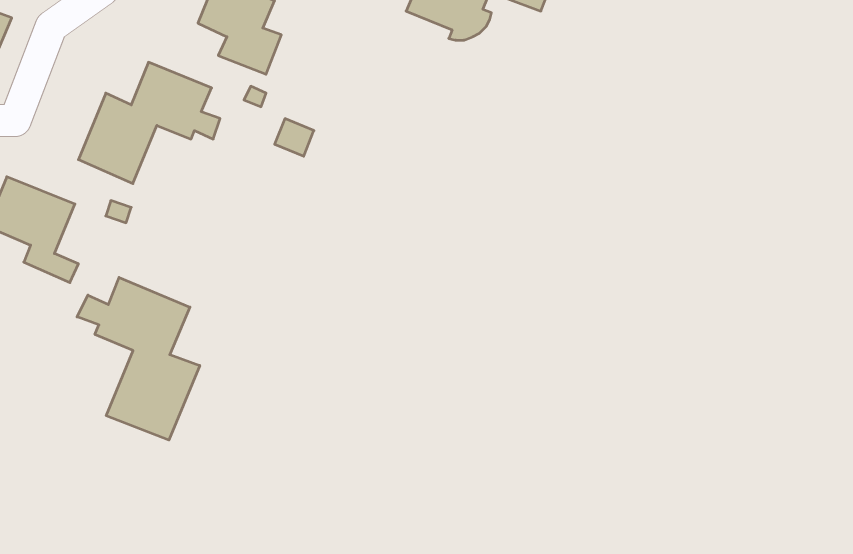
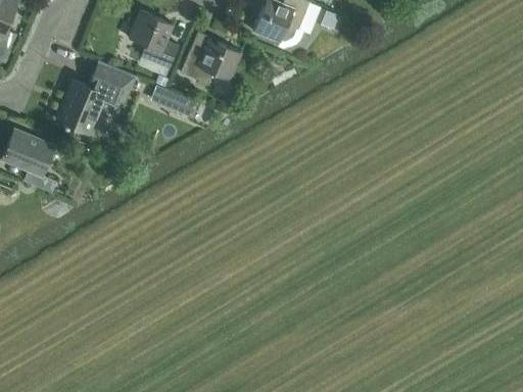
building: none -> [180,39,241,85]
building: [77,277,200,440] -> none

